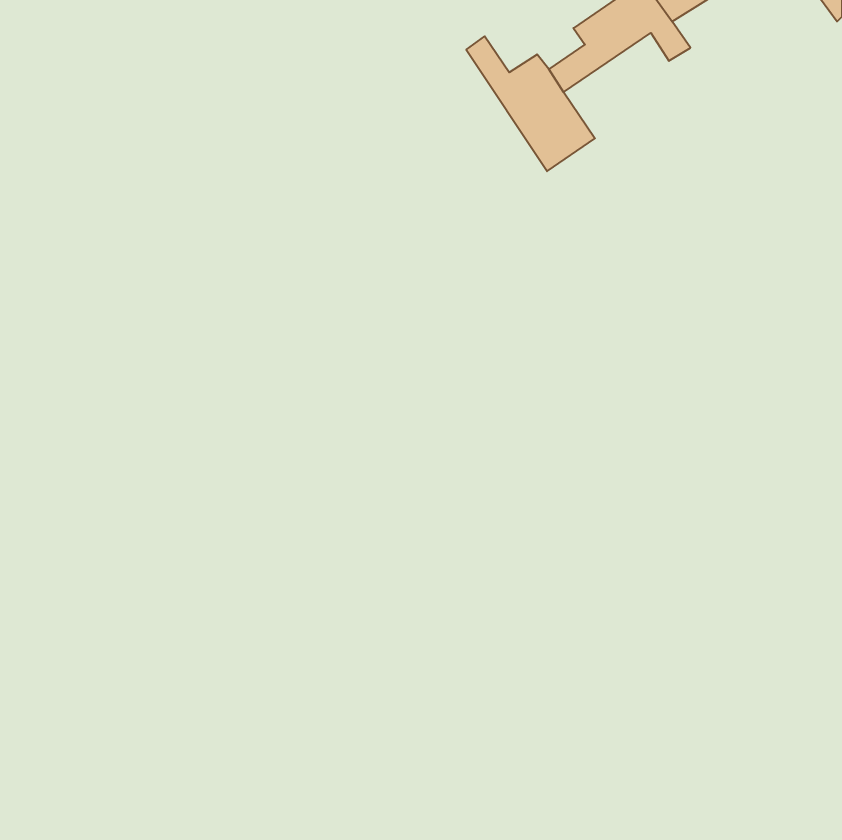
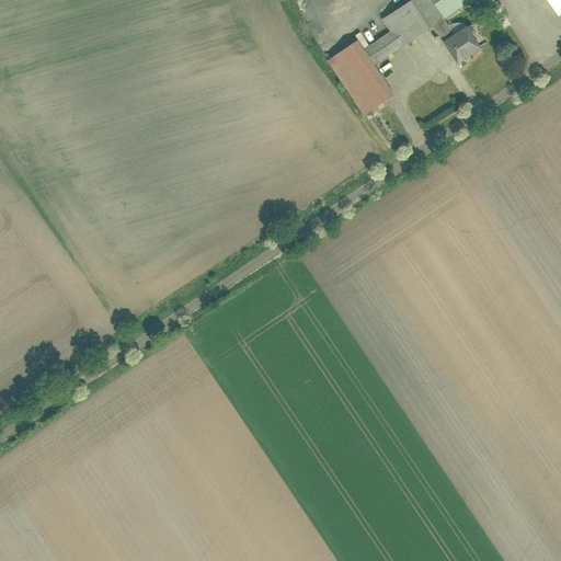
building: none -> [445,25,483,62]

